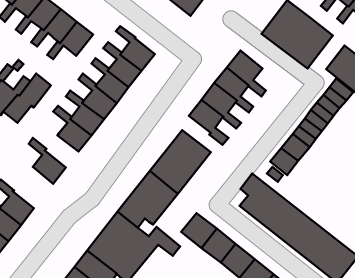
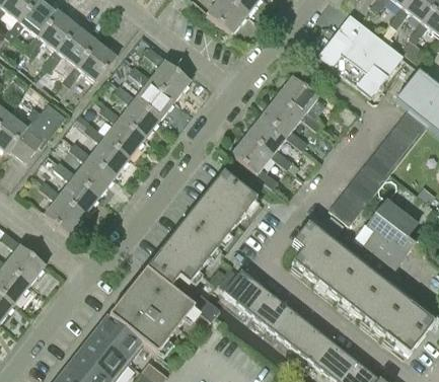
building: none -> [54,161,99,215]
building: none -> [354,199,417,269]

